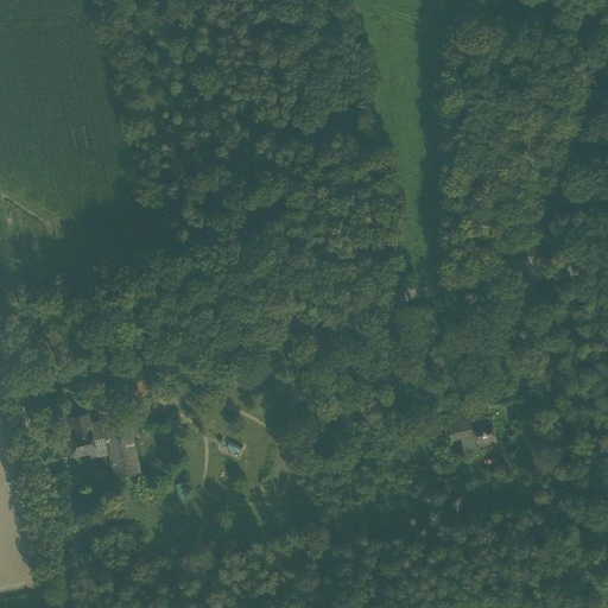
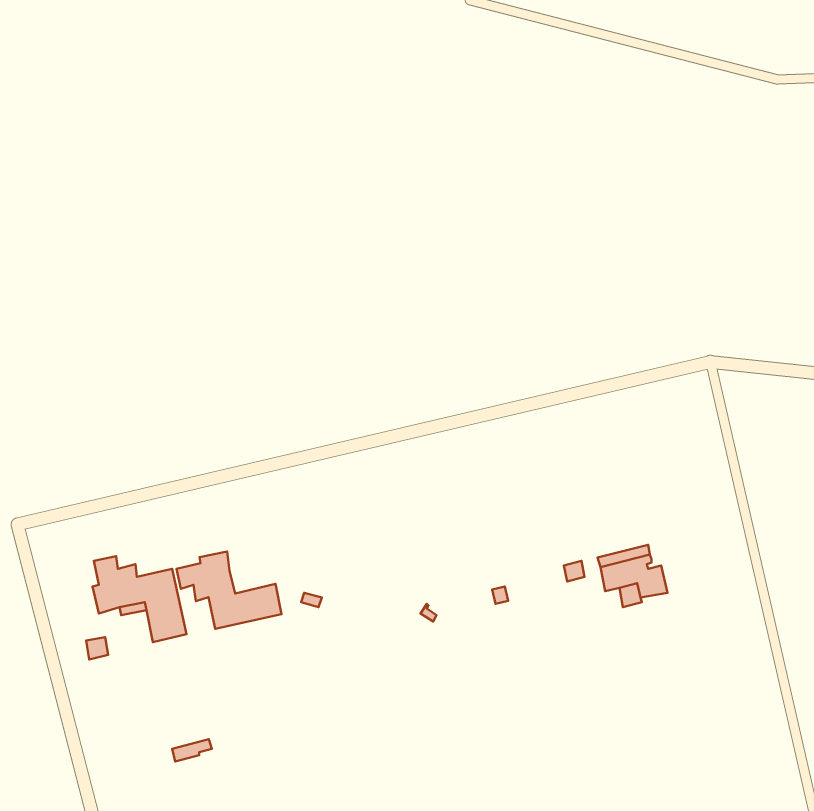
building: none -> [176,552,282,629]

